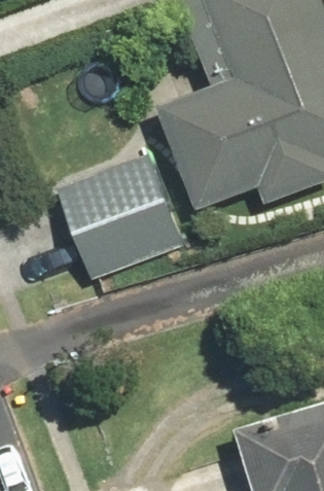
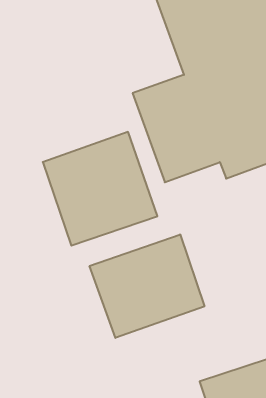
building: none -> [90,234,204,338]

